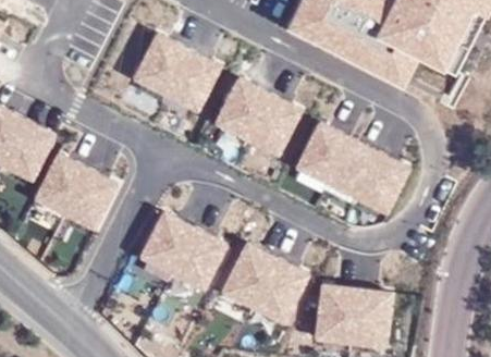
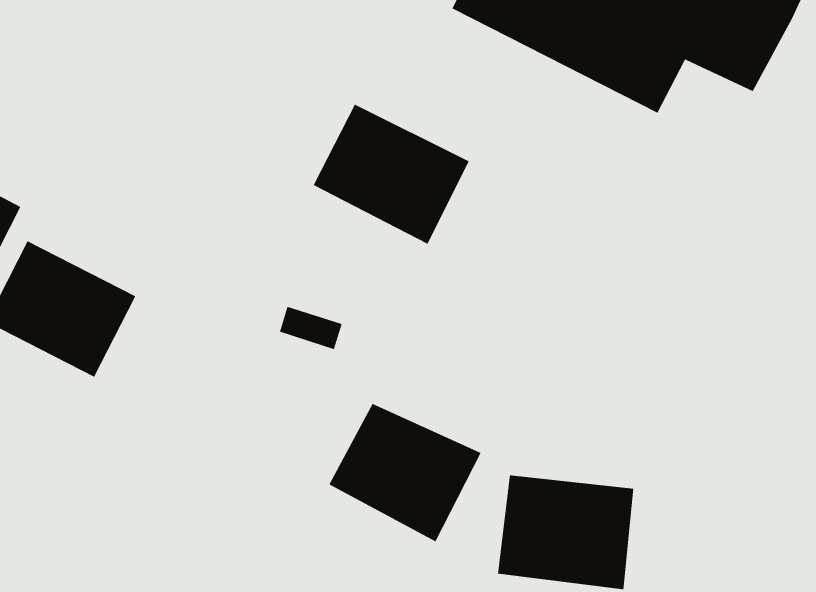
building: [133,34,219,111] -> none
building: [298,121,409,211] -> none
building: [140,213,226,291] -> none

